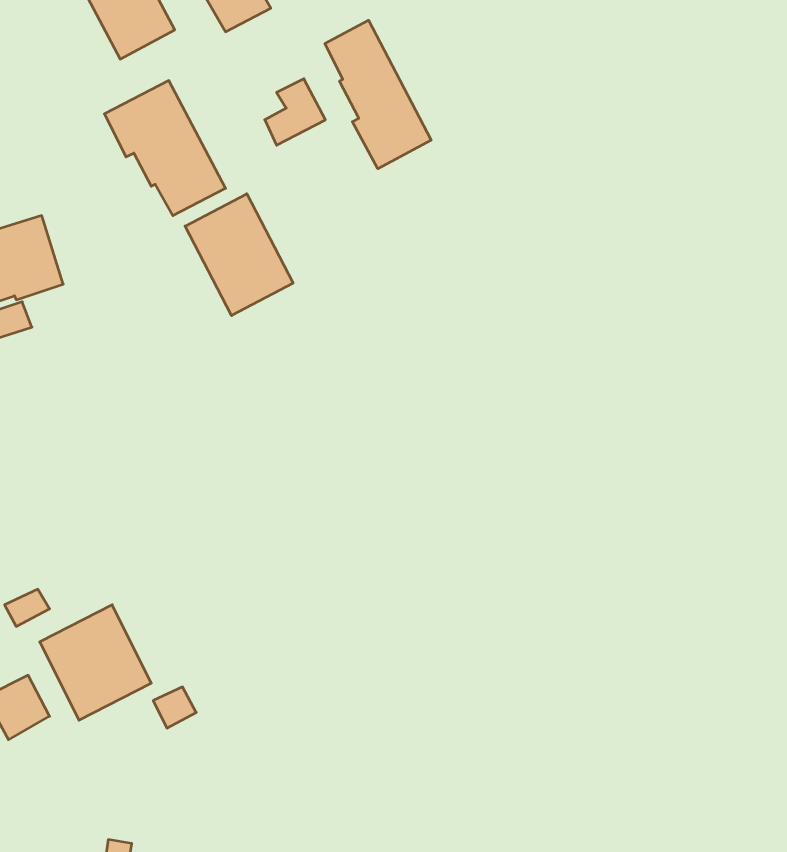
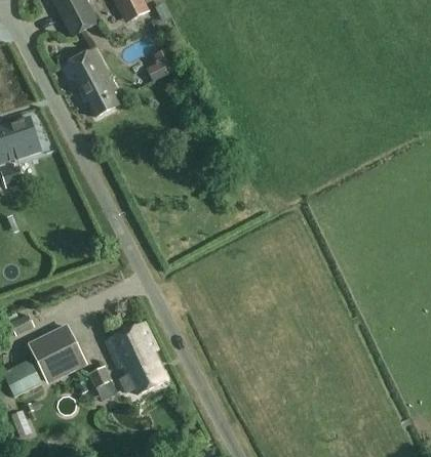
building: [325,20,431,169] -> none
building: [185,194,293,316] -> none
building: none -> [105,321,166,394]

